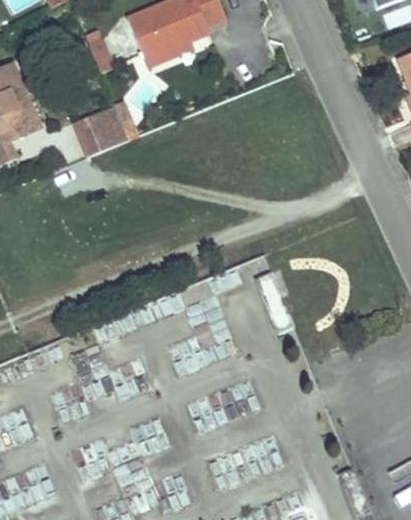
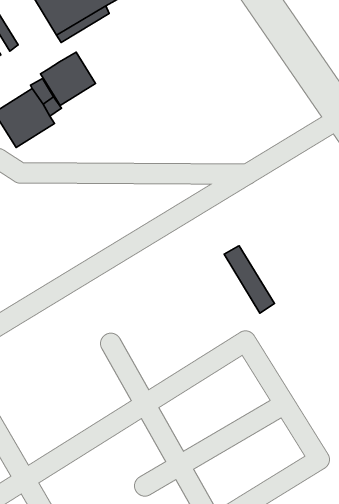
building: none -> [41,52,96,105]

